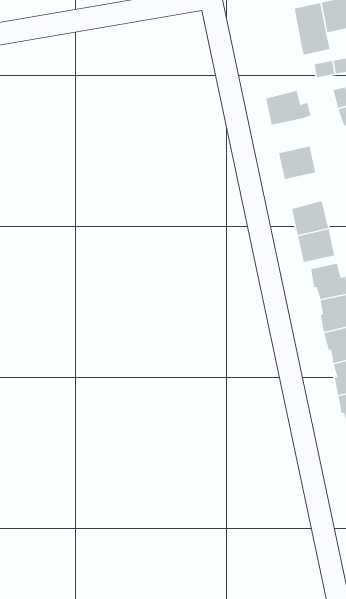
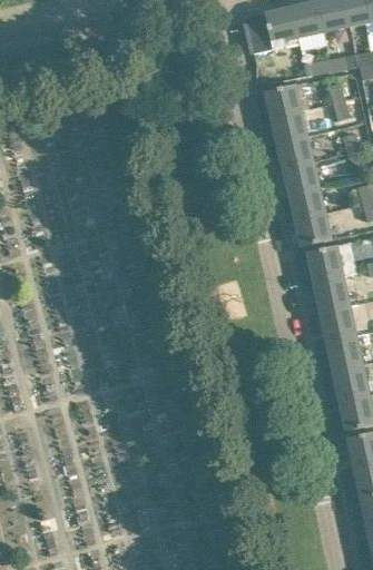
building: none -> [245,8,298,55]
building: none -> [271,111,307,144]
building: none -> [283,163,318,196]

